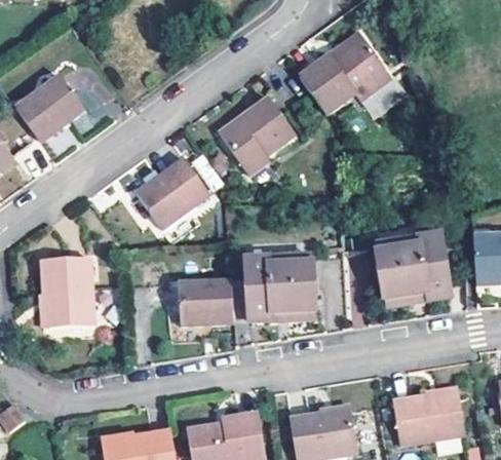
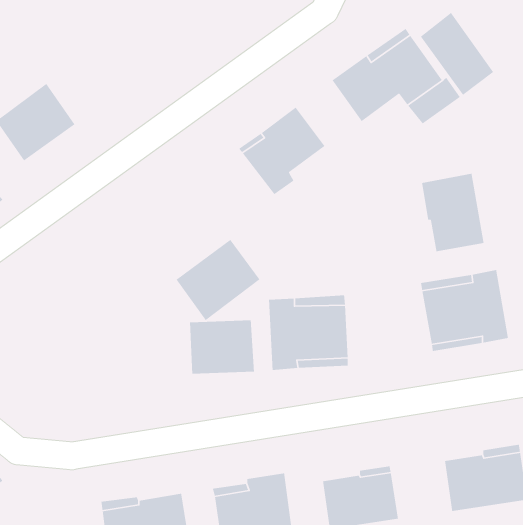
building: none -> [420,12,494,96]
building: none -> [421,173,485,252]
building: [136,157,208,228] -> [176,239,261,321]
building: [37,258,88,328] -> none

